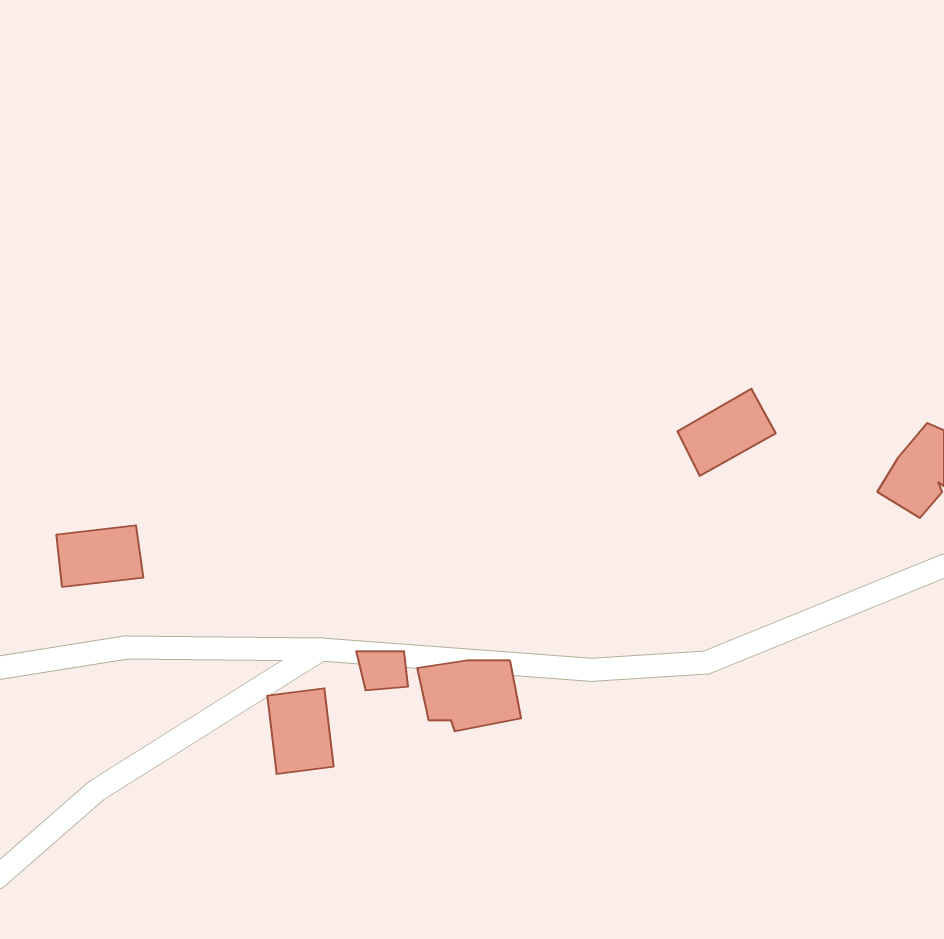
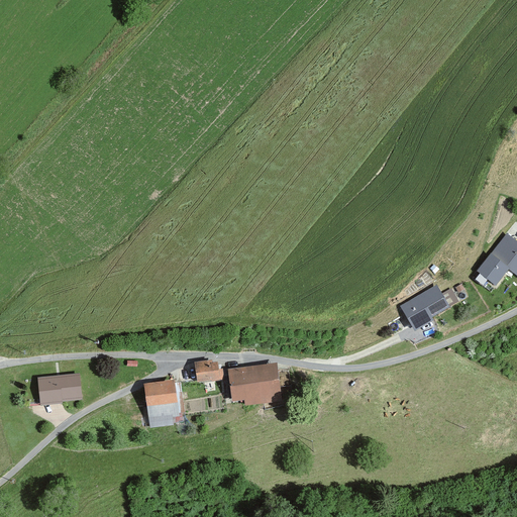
building: [677,389,776,476] -> [399,282,452,329]
building: [56,525,143,587] -> [35,372,83,405]

